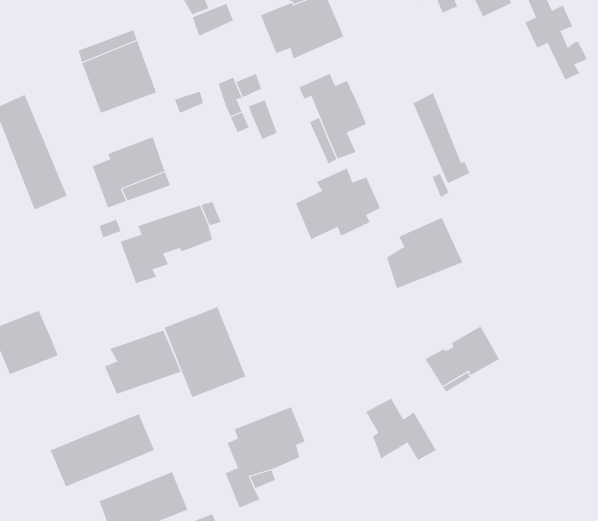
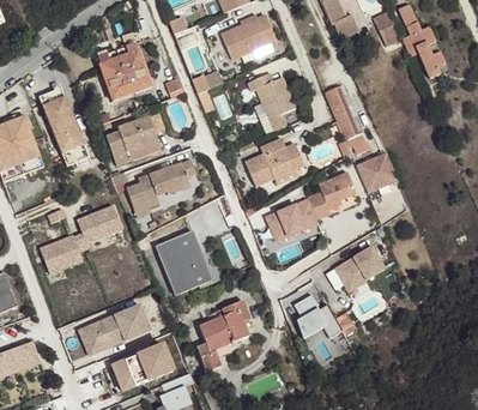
building: none -> [356,151,399,194]
building: none -> [265,198,317,242]
building: [104,330,181,395] -> [71,209,123,253]

